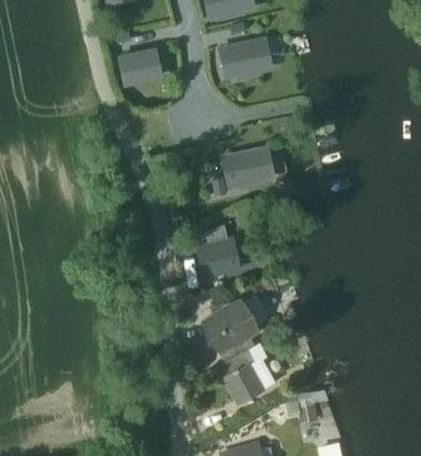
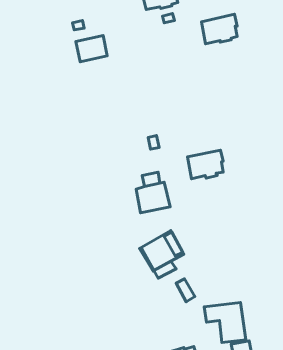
building: [221,40,267,78] -> [201,14,237,44]
building: [224,149,269,186] -> [187,150,223,179]
building: [226,367,260,403] -> none

